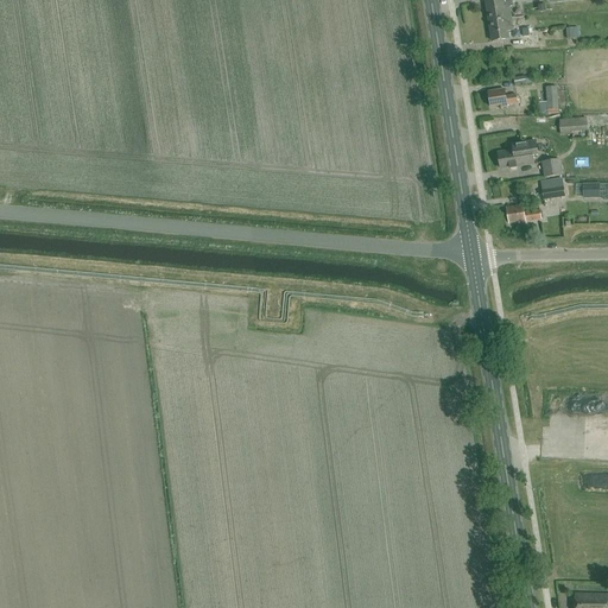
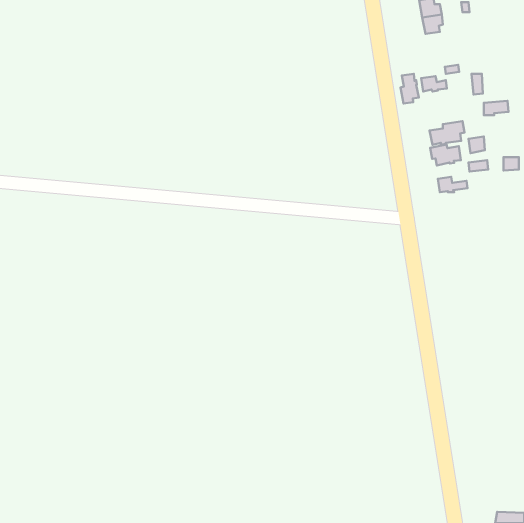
building: none -> [401,74,419,104]
building: none -> [430,145,461,165]

